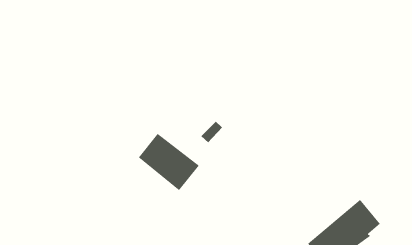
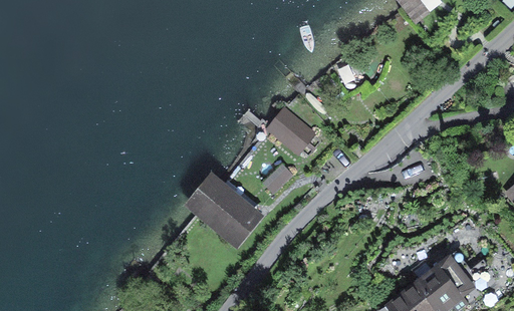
building: none -> [270,108,314,150]

